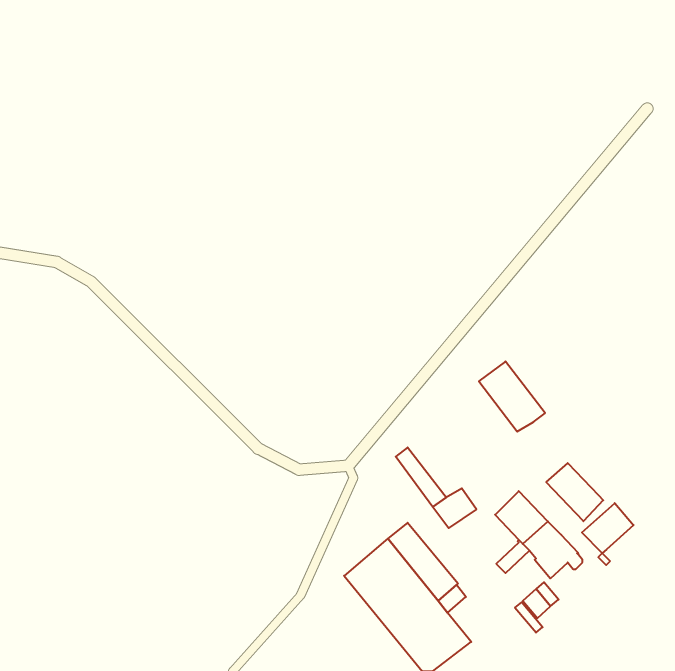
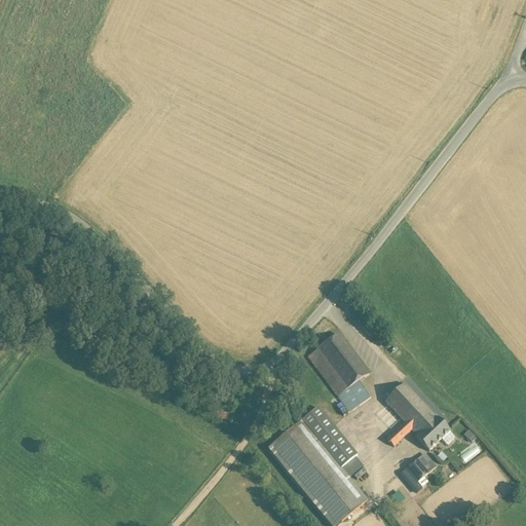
building: [479,361,545,432] -> [316,332,368,386]
building: [546,463,603,521] -> none
building: [582,503,634,553] -> none

